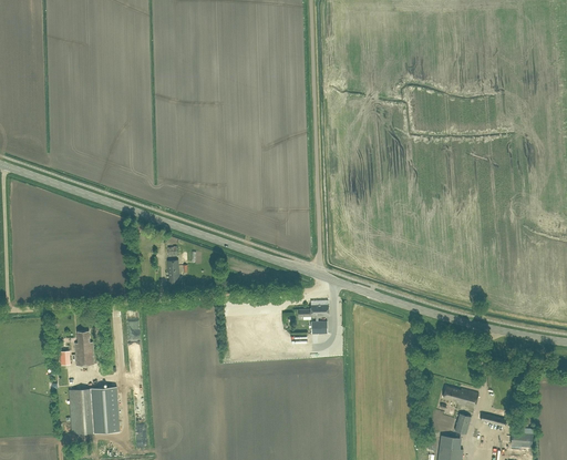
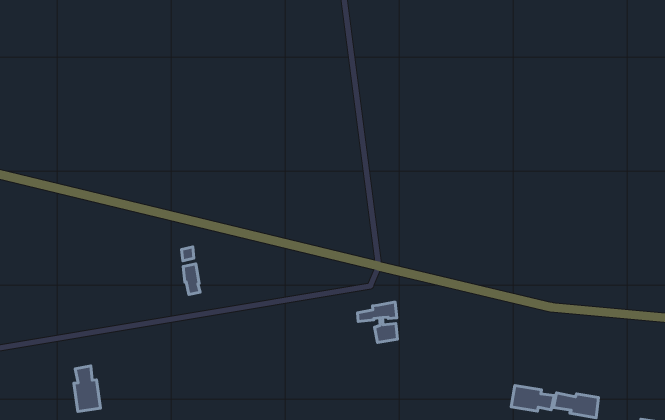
building: none -> [511,386,554,411]

